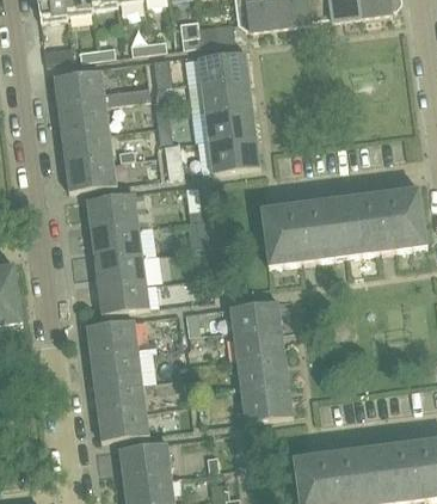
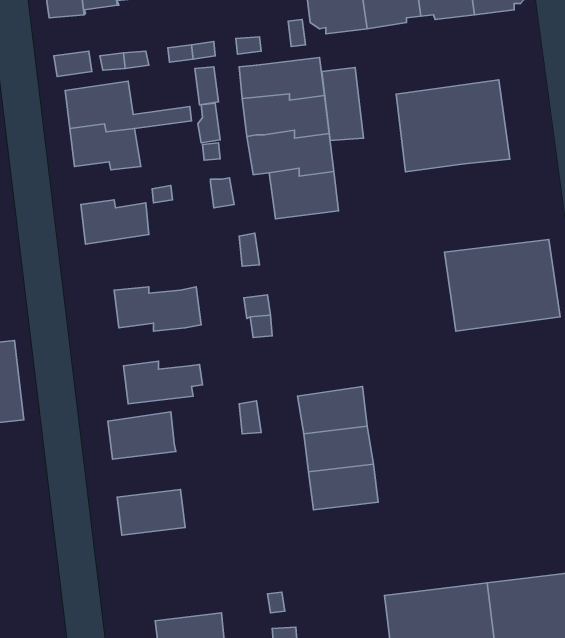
building: none -> [322,67,364,141]
building: [60,129,113,164] -> none
building: [86,190,152,228] -> none
building: [261,197,347,266] -> [396,80,510,172]
building: [93,251,161,285] -> none
building: [88,348,140,382] -> none
building: [240,386,293,422] -> none
building: [96,405,147,440] -> none
building: [117,440,171,475] -> none

